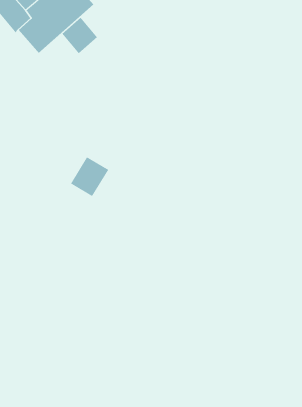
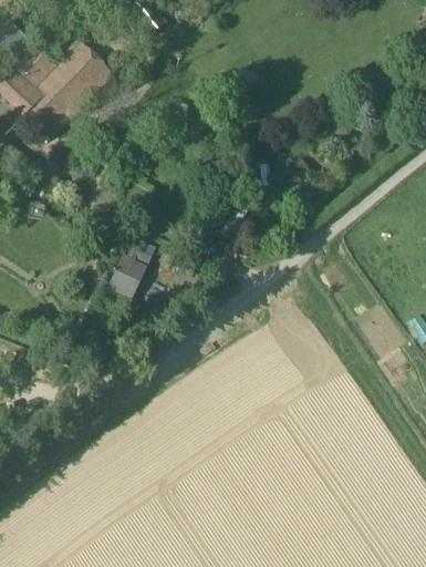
building: [61,17,98,54] -> none

